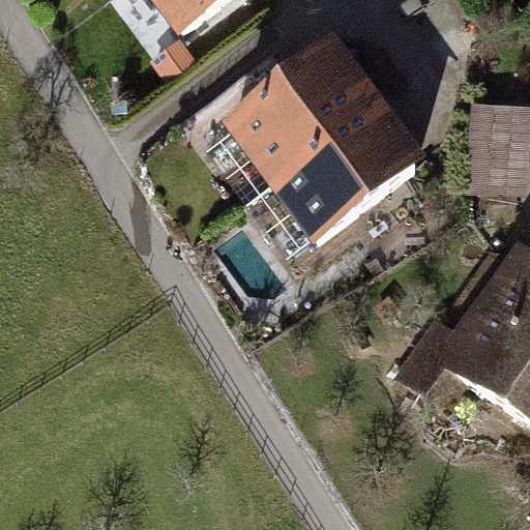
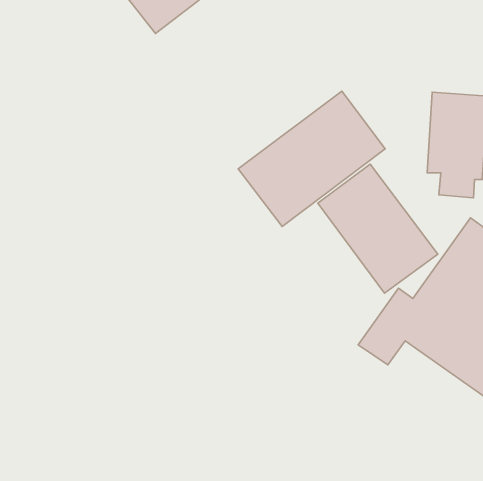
building: [220,38,377,182] -> none
building: none -> [318,164,438,293]

